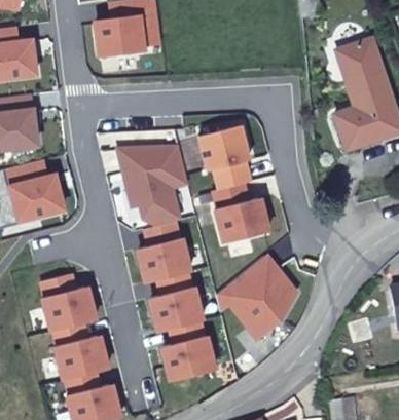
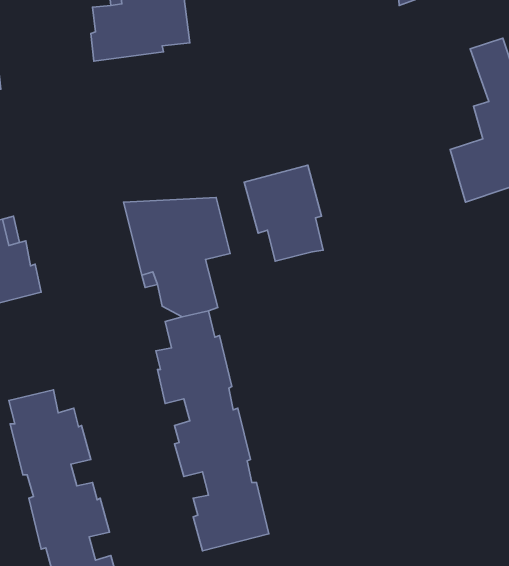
building: [214,181,269,240] -> none
building: [217,254,296,337] -> none

